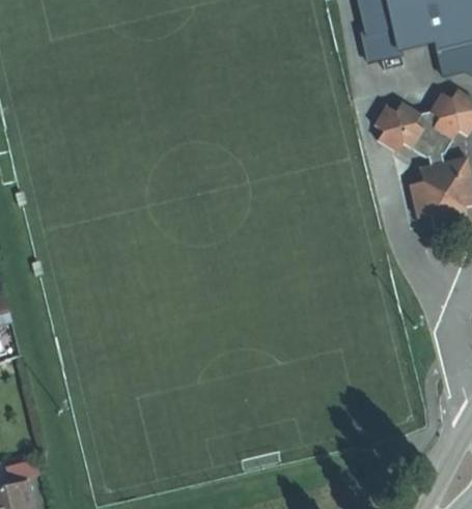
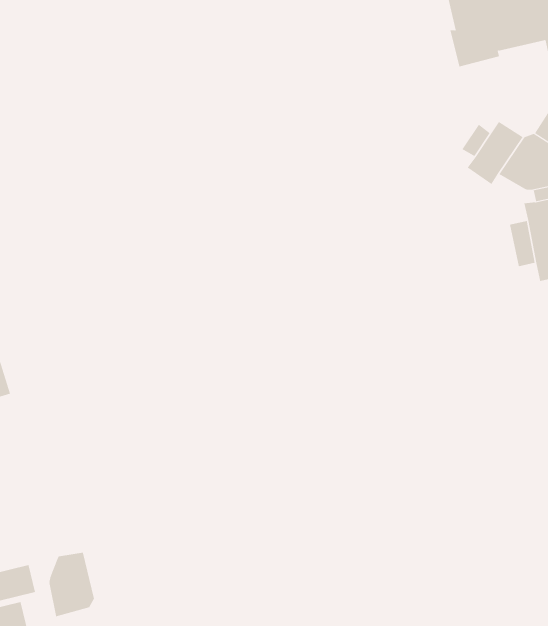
building: none -> [49,552,95,617]

